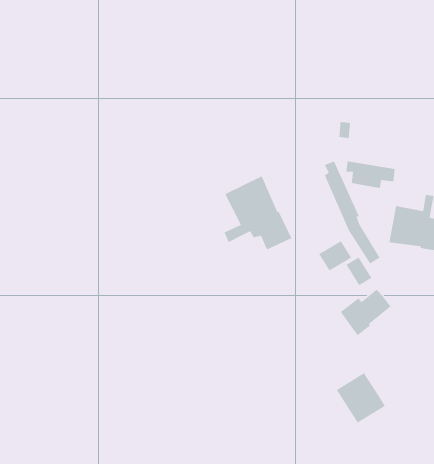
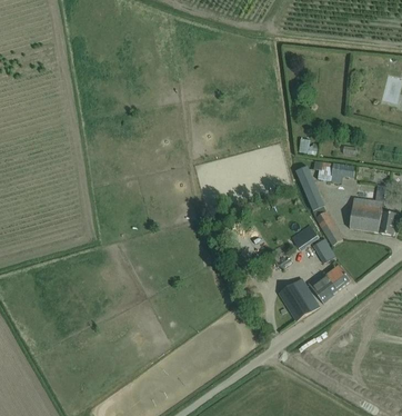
building: [223,175,292,250] -> none
building: [336,372,386,424] -> [279,278,320,320]

